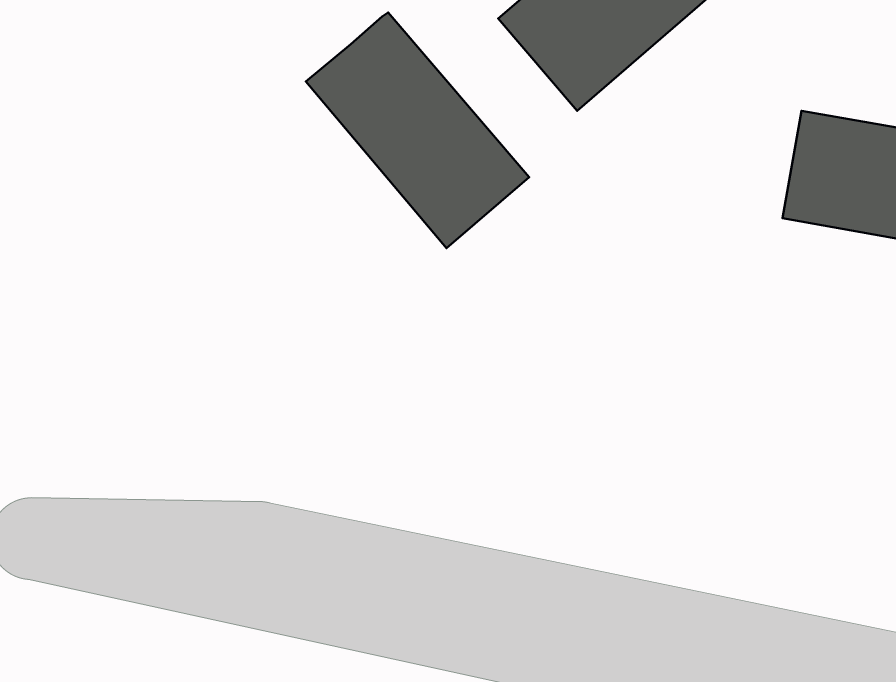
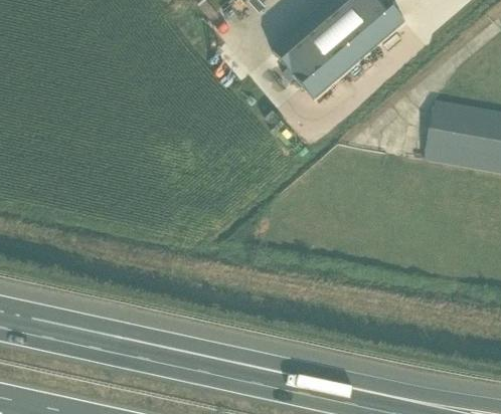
building: [306,12,529,248] -> none

